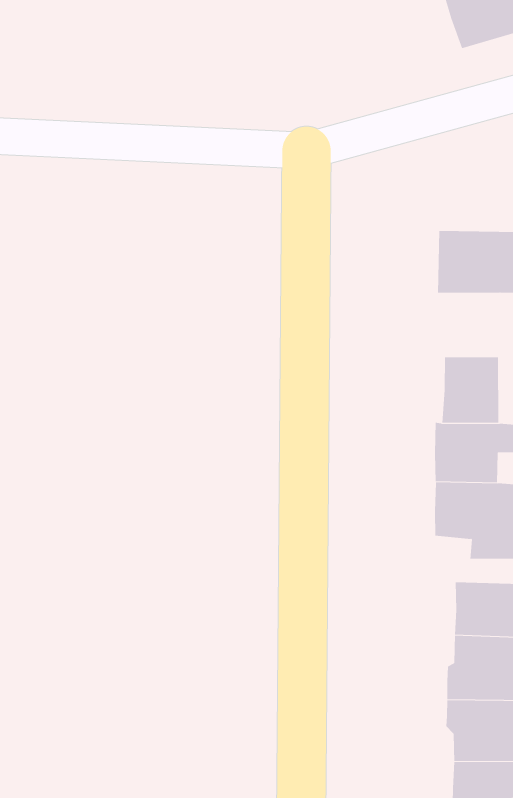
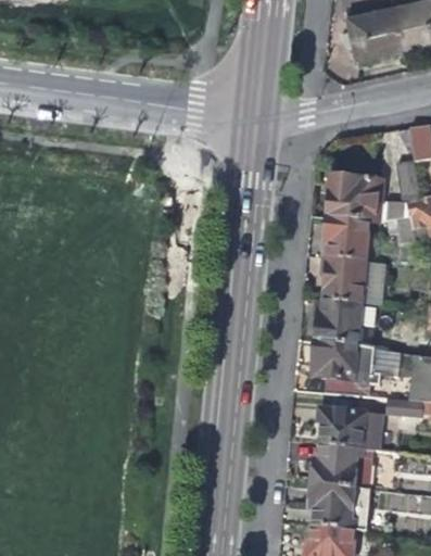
building: none -> [324,217,368,263]

